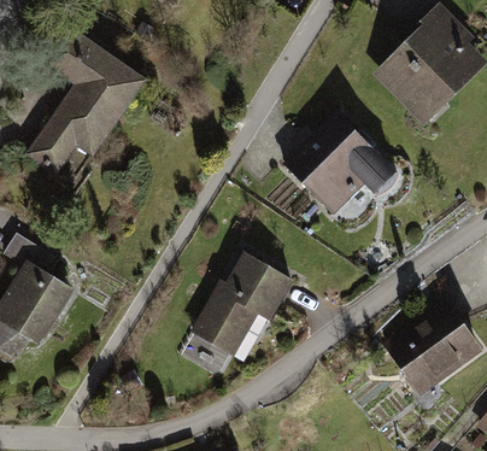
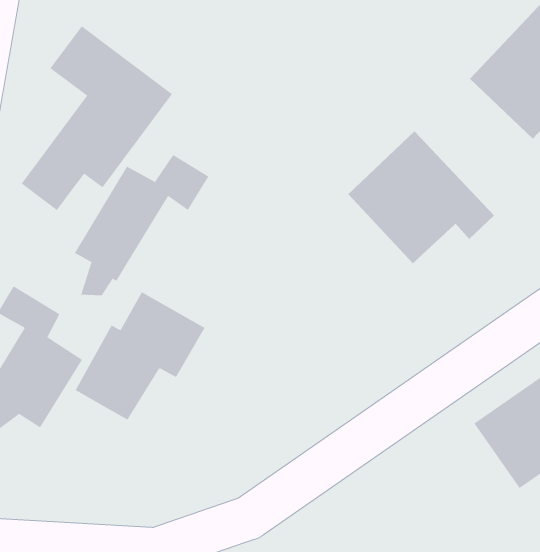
building: none -> [74,154,209,296]
building: [192,251,295,353] -> [75,291,205,421]

